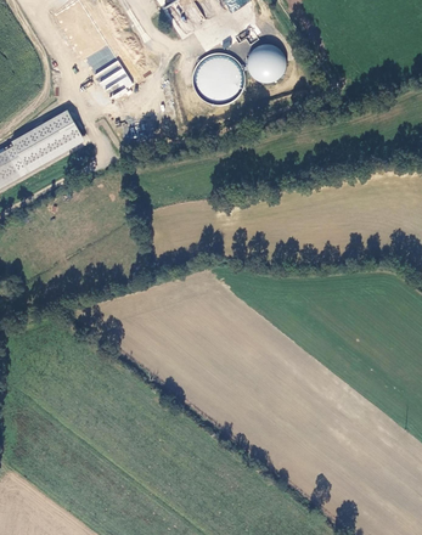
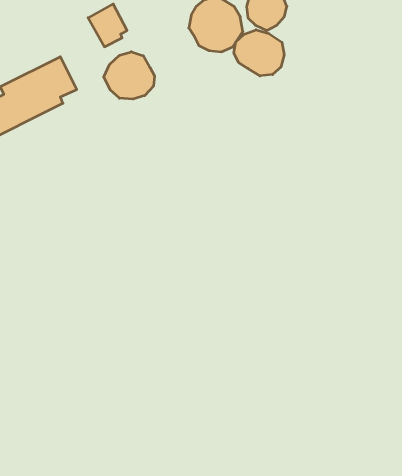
building: none -> [234,30,284,76]
building: none -> [104,52,155,99]

